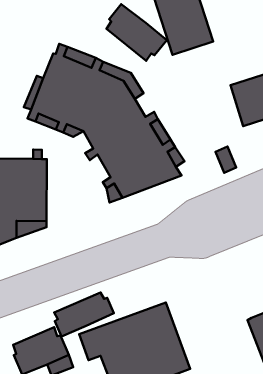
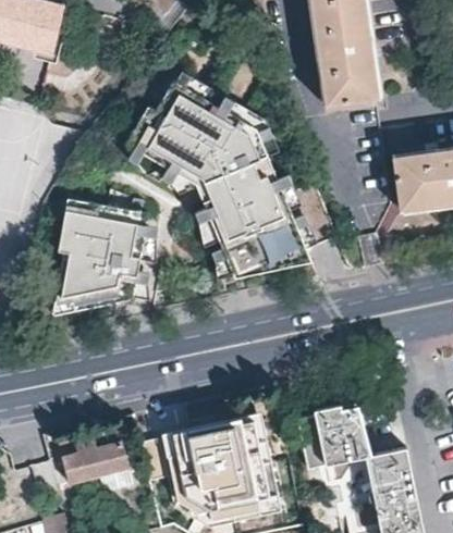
building: [106,4,167,61] -> none
building: none -> [297,404,371,470]
building: [54,292,114,336] -> none

